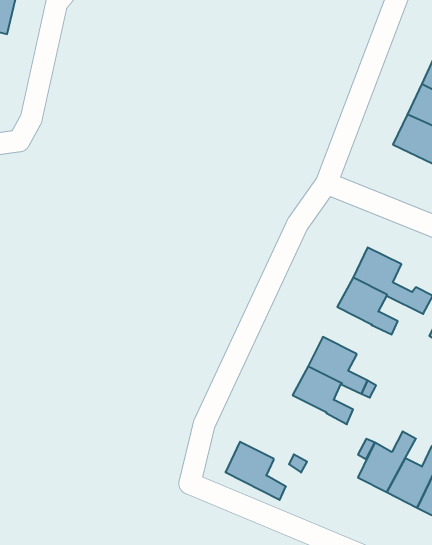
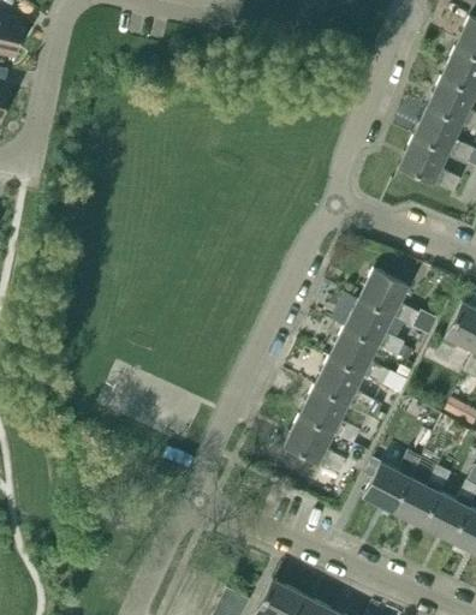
building: none -> [329,328,389,386]
building: [225,442,286,500] -> [285,416,345,473]

